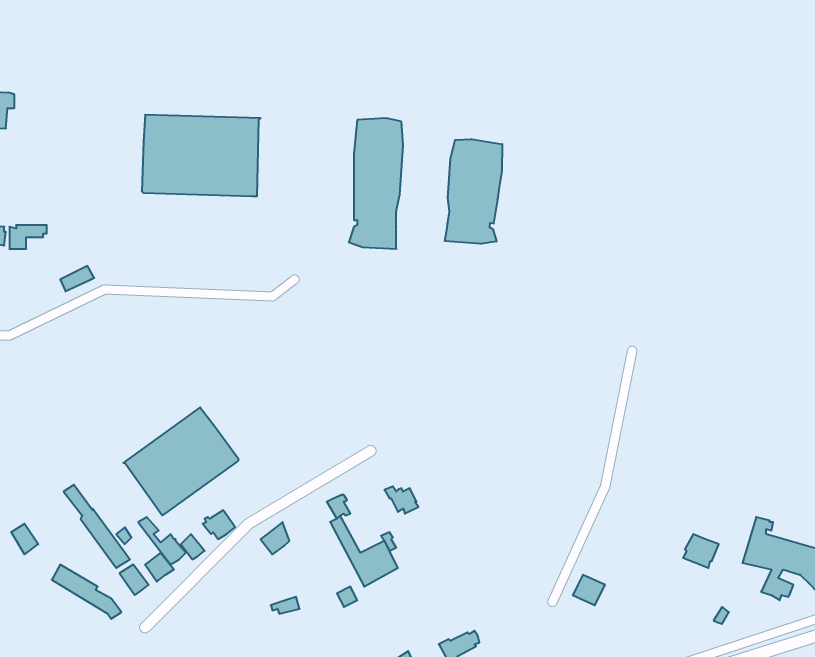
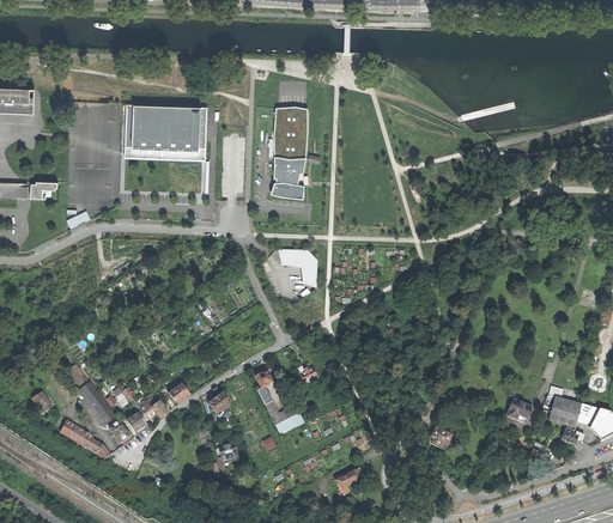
building: [445,139,502,244] -> none
building: none -> [277,250,317,290]
building: [123,407,238,515] -> none

